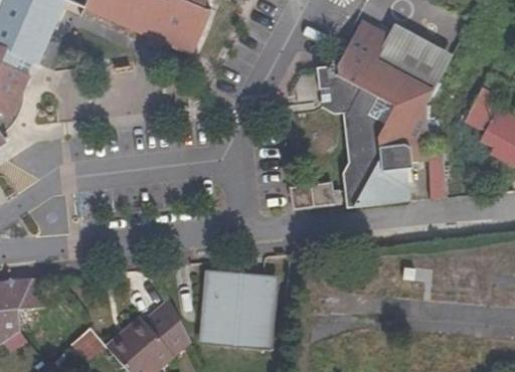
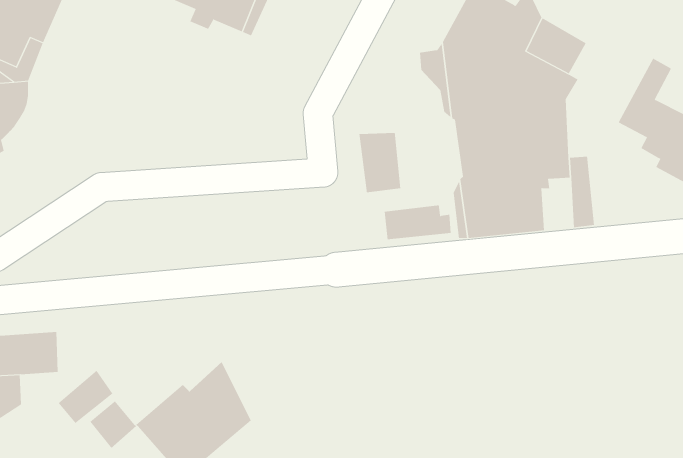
building: none -> [359,132,401,193]
building: [196,268,278,349] -> none
building: none -> [58,370,113,424]

